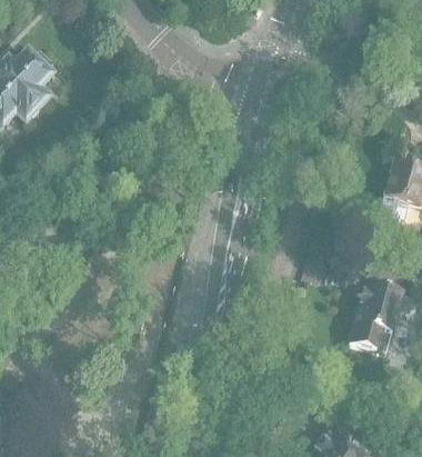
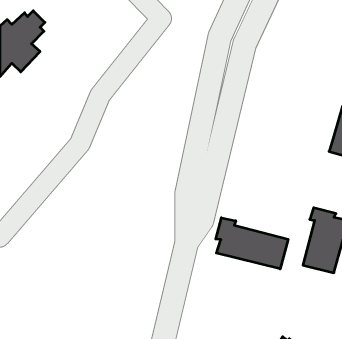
building: none -> [216,218,288,269]

